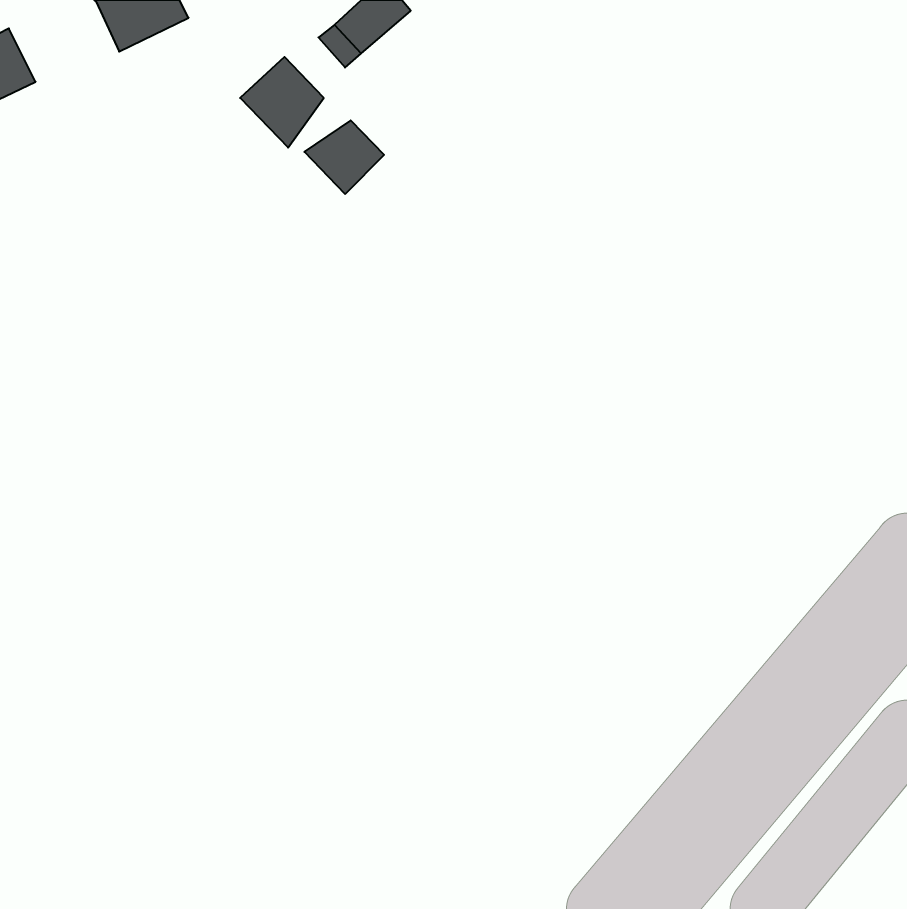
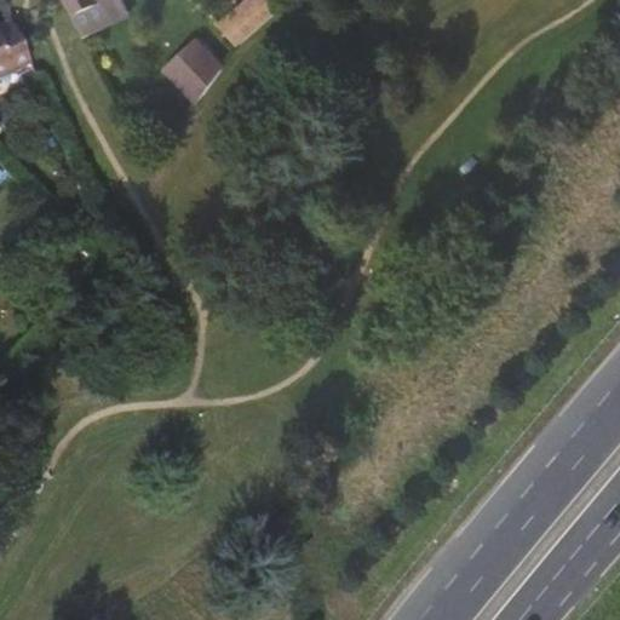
building: [304,120,384,194] -> none

